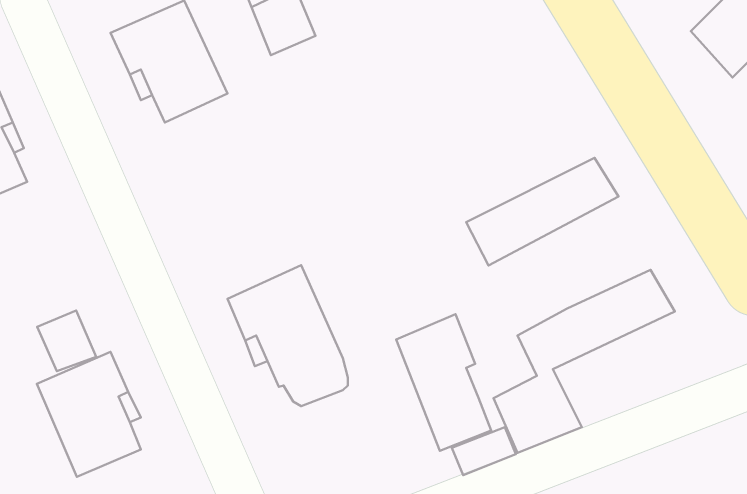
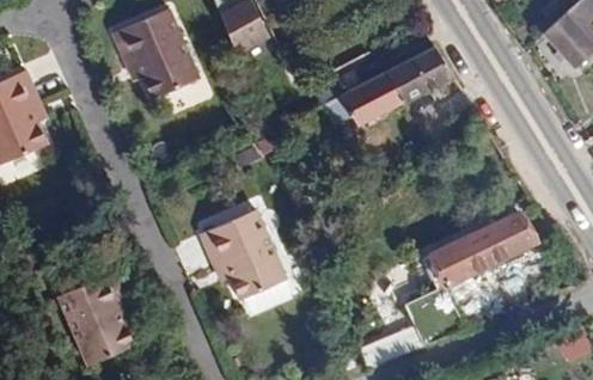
building: [466,158,618,265] -> [337,45,451,125]
building: [37,311,96,371] -> none
building: [396,314,491,451] -> none

